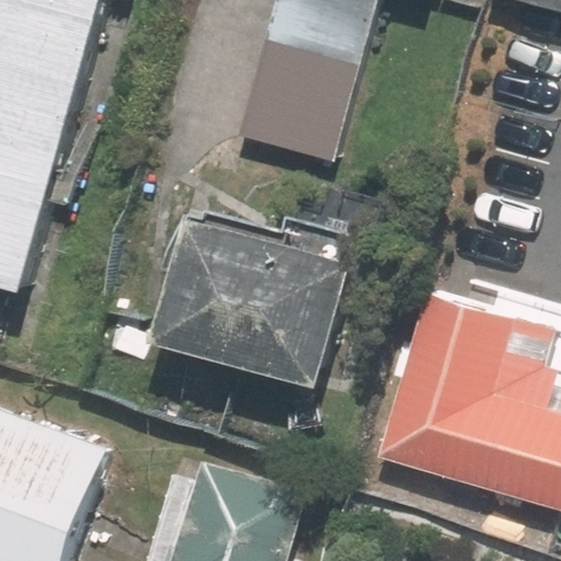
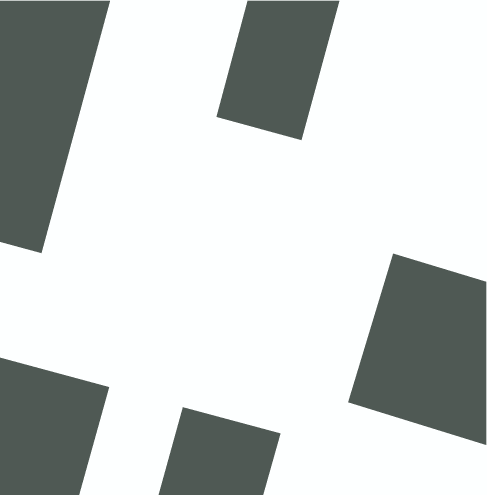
building: [171,207,385,388] -> none

